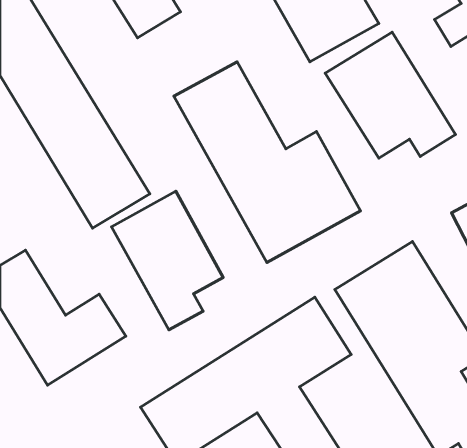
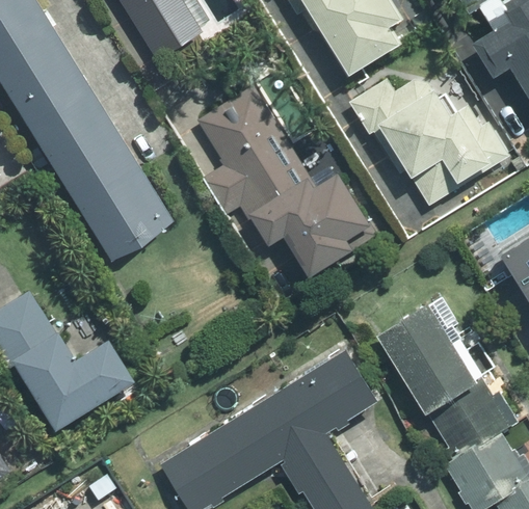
building: [111,191,223,330] -> none

